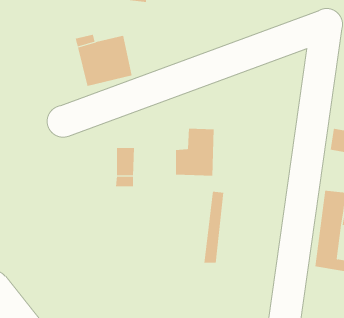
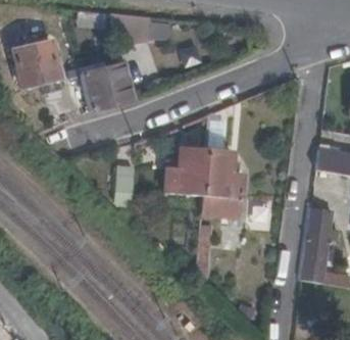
building: none -> [13,41,63,91]
building: none -> [208,150,247,203]

